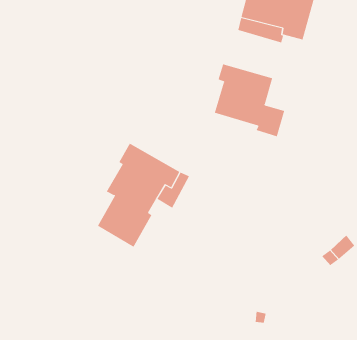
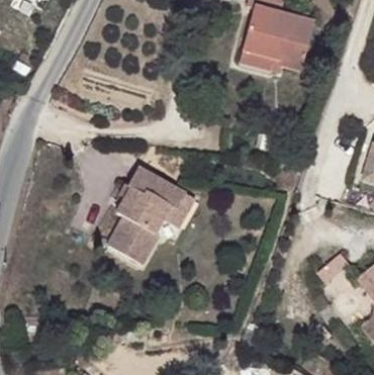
building: [214,64,285,137] -> none

